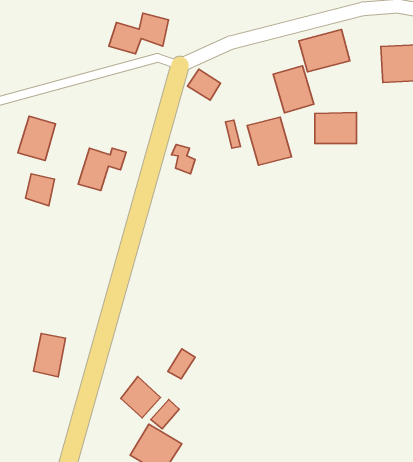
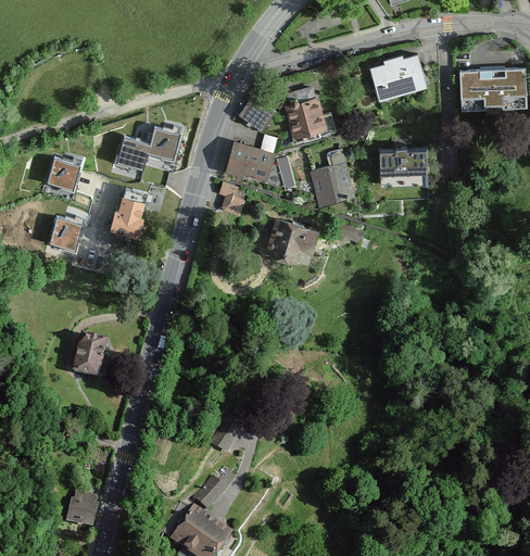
building: [109,13,168,54] -> [114,126,182,173]
building: [273,66,314,113] -> [281,89,328,143]
building: none -> [226,141,273,181]
building: none -> [264,210,323,265]
building: [34,333,66,377] -> [68,332,105,382]
building: [121,376,160,418] -> none
building: none -> [65,493,99,530]

